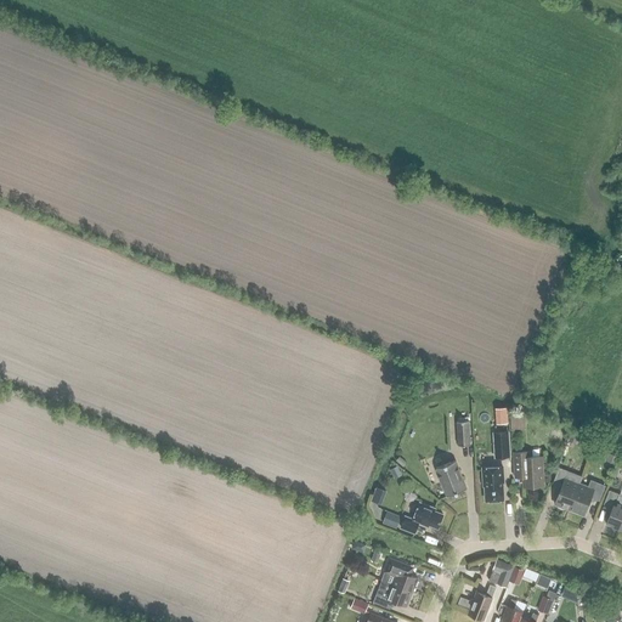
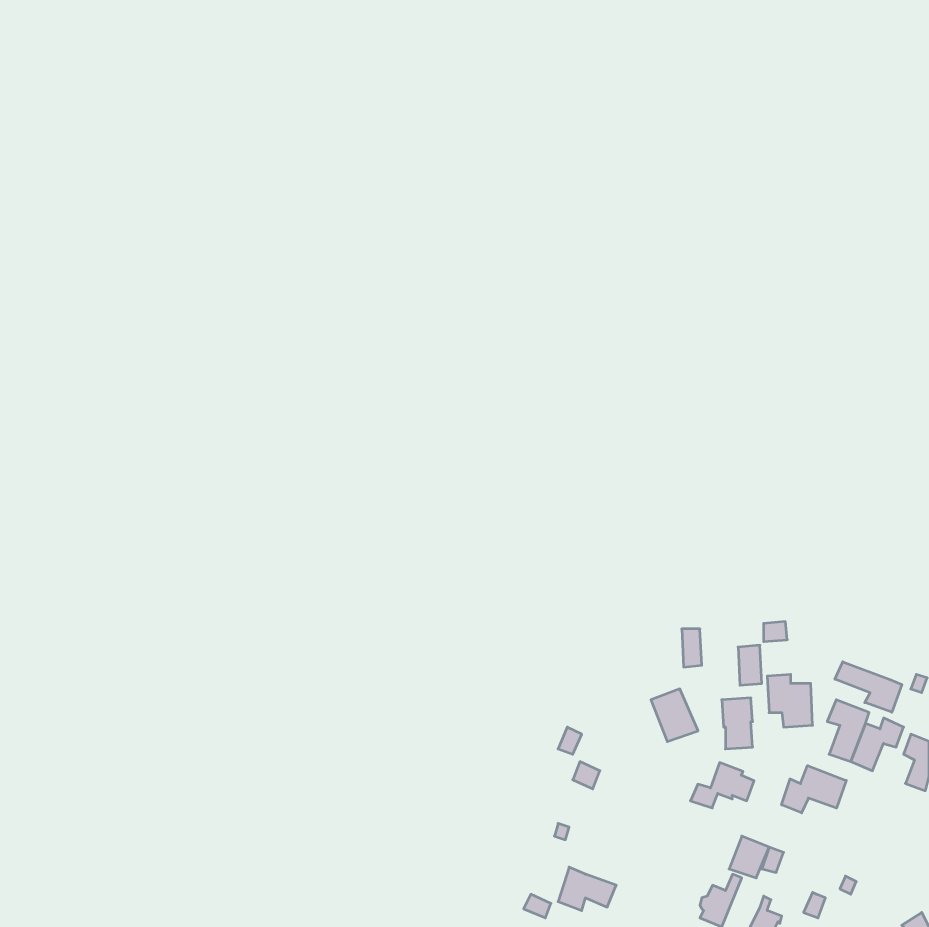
building: none -> [835,662,902,712]
building: [400,503,442,533] -> [690,763,754,808]
building: none -> [782,766,846,813]
building: [380,560,417,593] -> none

